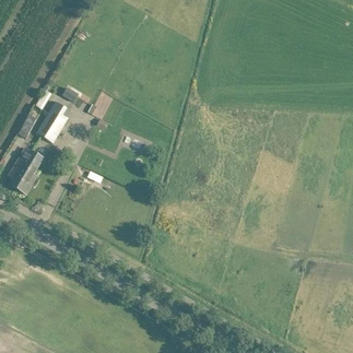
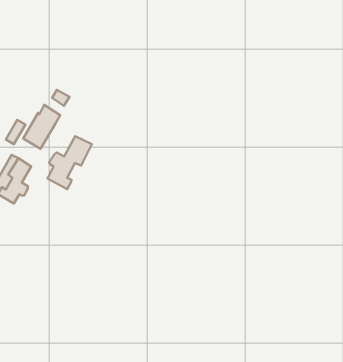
building: none -> [47,136,92,189]

